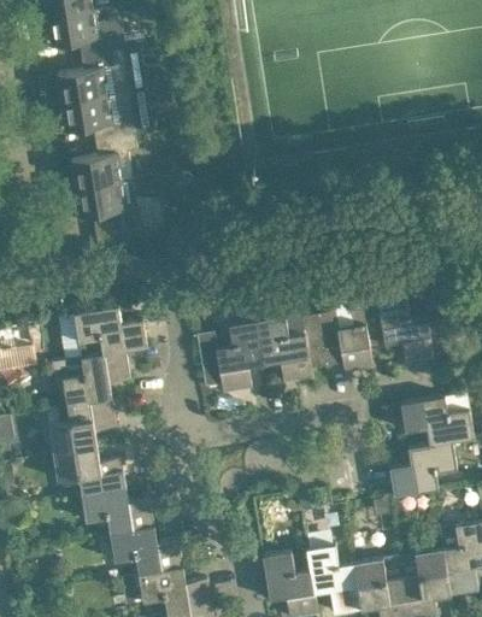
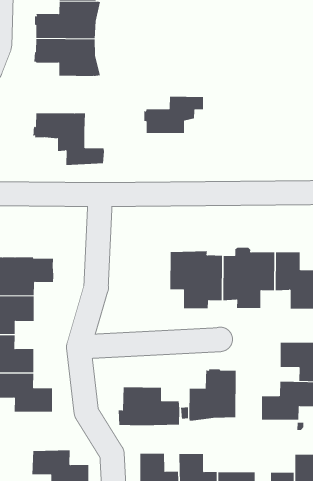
building: [69,135,137,188] -> [143,96,204,134]
building: [74,306,147,357] -> none
building: [196,321,264,393] -> none
building: none -> [189,368,236,422]
building: [108,527,182,578] -> [118,387,180,426]

